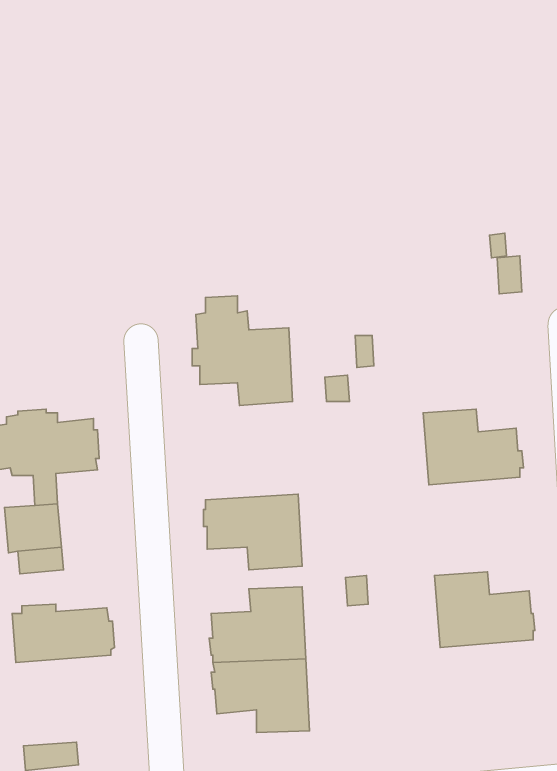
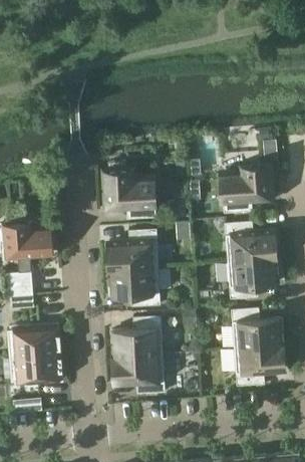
building: none -> [221,165,274,214]
building: none -> [107,229,159,270]
building: none -> [228,258,279,300]
building: none -> [234,344,286,387]
building: none -> [9,353,63,383]

